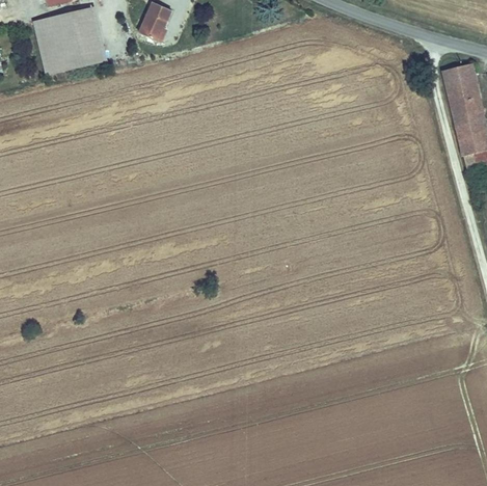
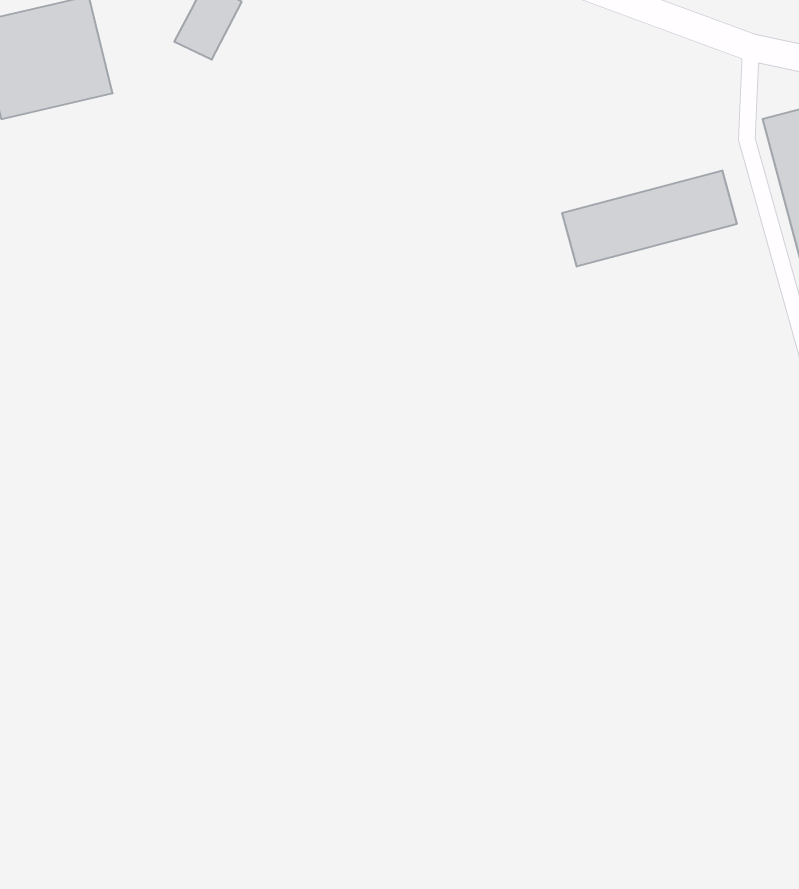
building: none -> [562,170,737,267]

